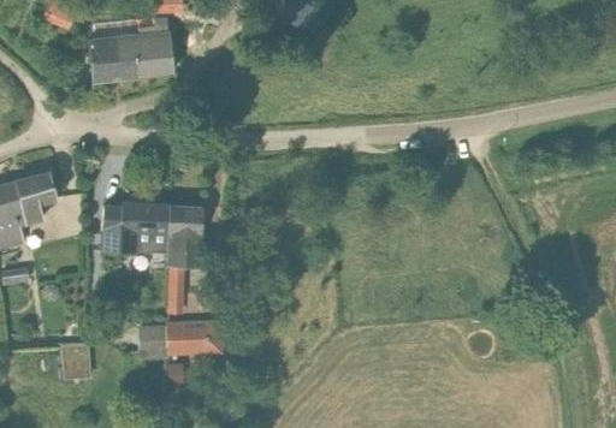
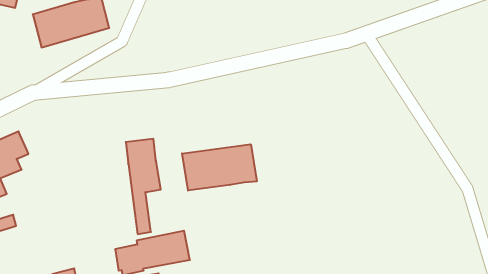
building: [102,203,171,251] -> none
building: none -> [182,144,257,191]

